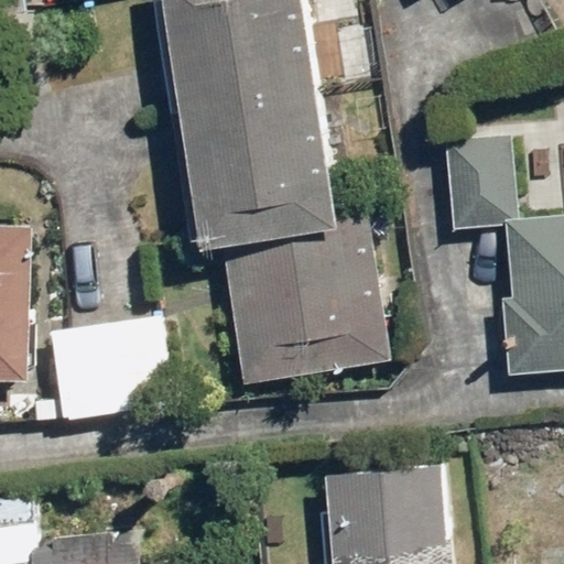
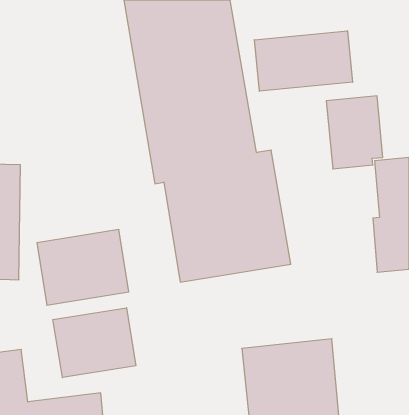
building: none -> [254,31,353,91]
building: none -> [53,308,136,378]

